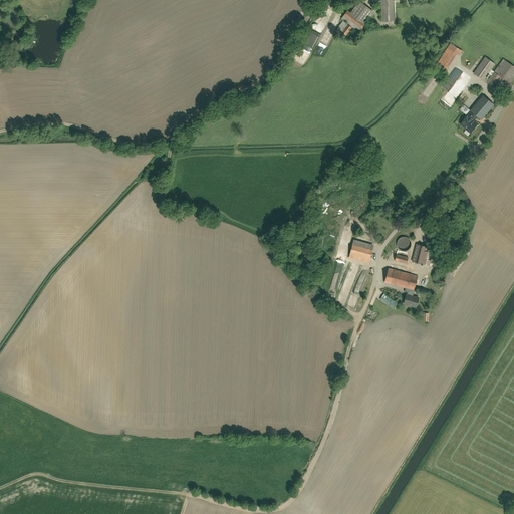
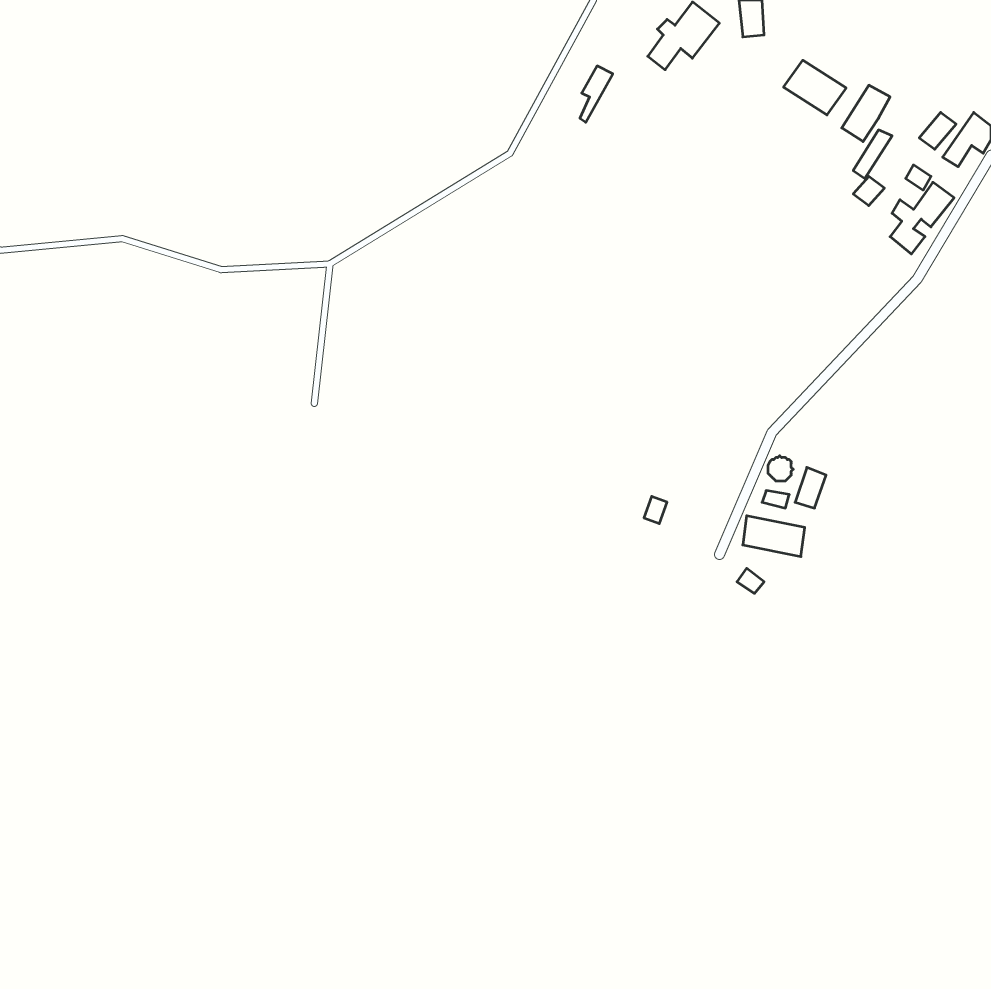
building: none -> [784,60,846,115]
building: [348,239,371,261] -> none

